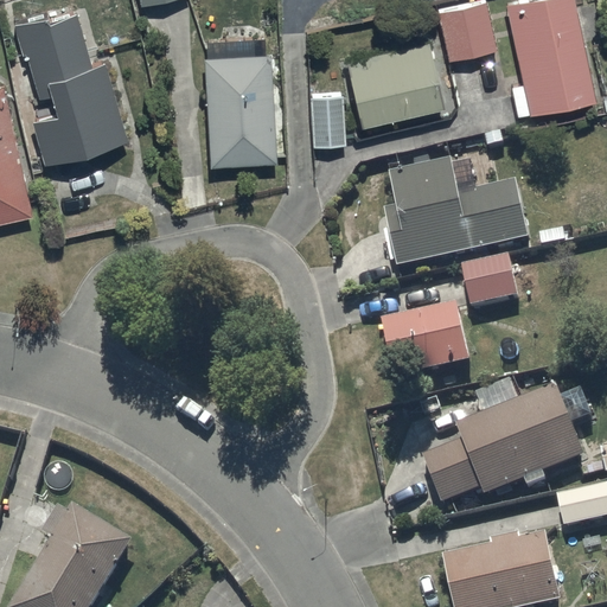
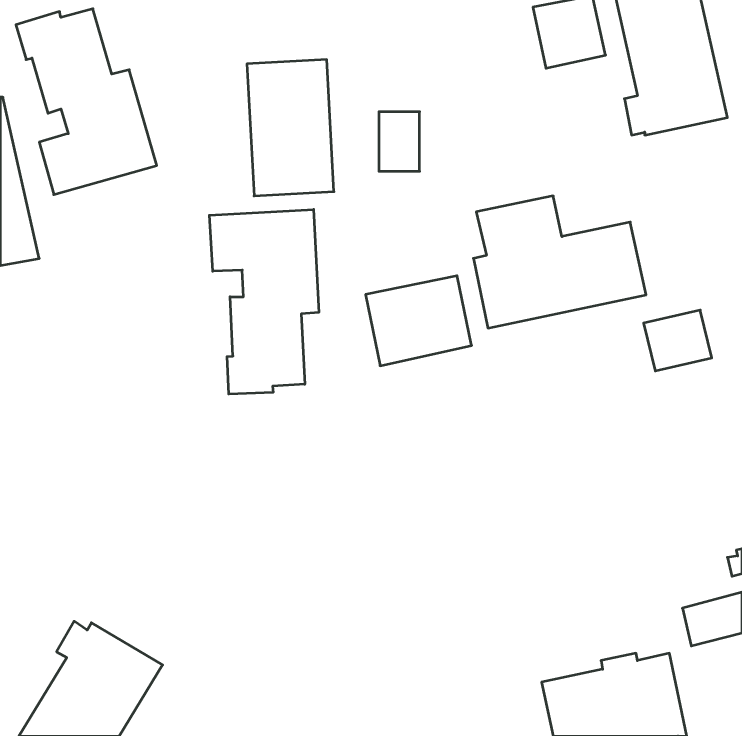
building: [344,37,440,121] -> none
building: none -> [209,209,319,394]
building: [462,257,518,307] -> [644,310,712,371]
building: [383,306,469,379] -> [366,276,472,366]
building: [422,388,583,505] -> none

